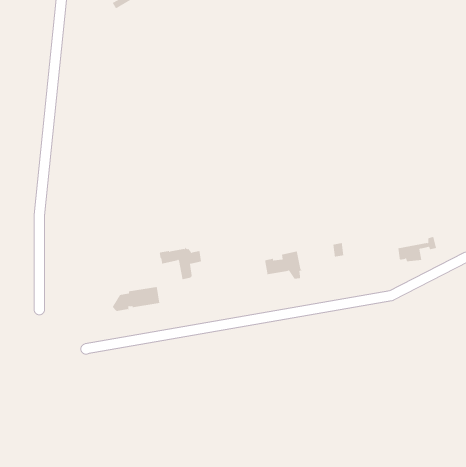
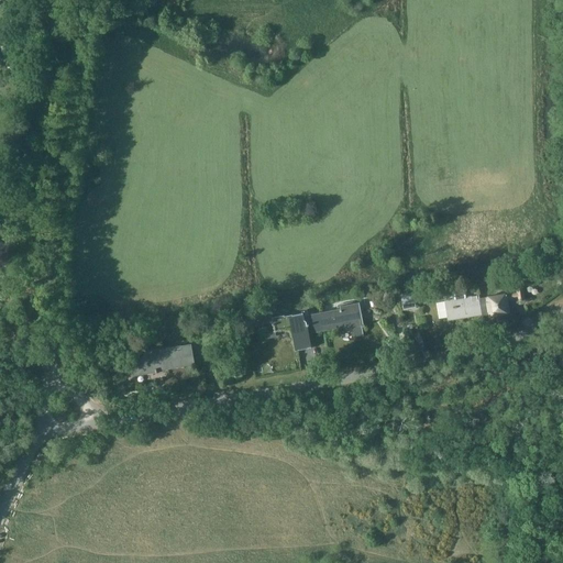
building: none -> [443,288,481,318]
building: [159,247,202,280] -> [268,310,320,350]

